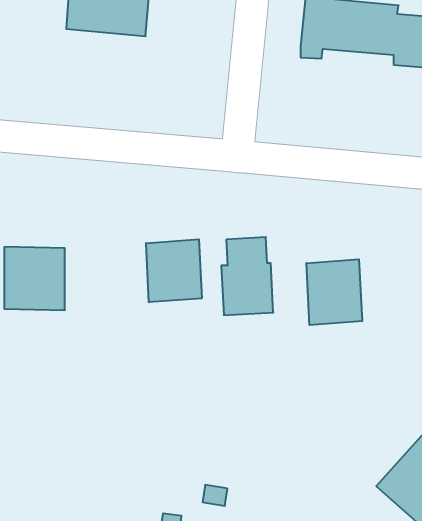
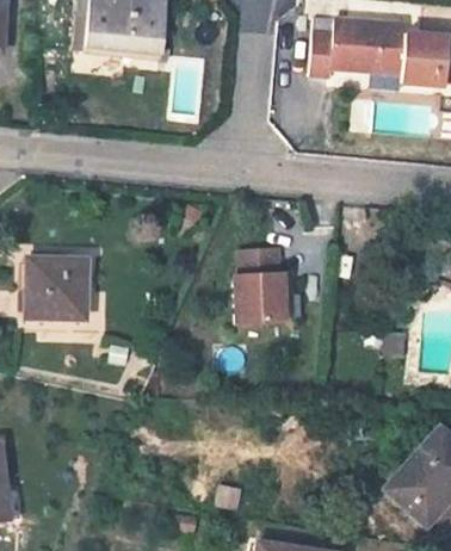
building: [146,239,202,302] -> none
building: [306,259,362,325] -> none

